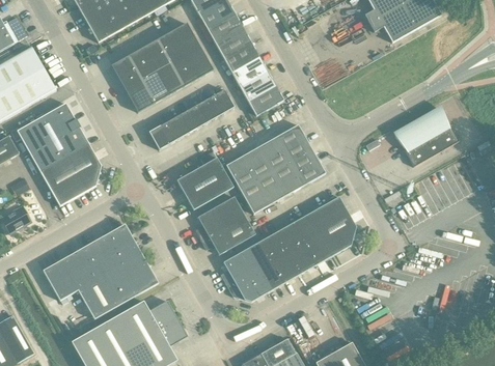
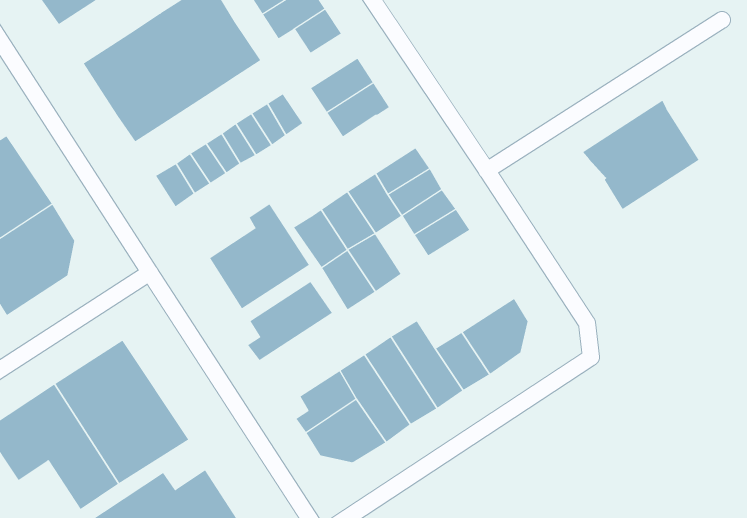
building: [223,52,268,86] -> none
building: [272,162,301,195] -> none
building: [293,196,349,238] -> none
building: [201,215,255,254] -> none

